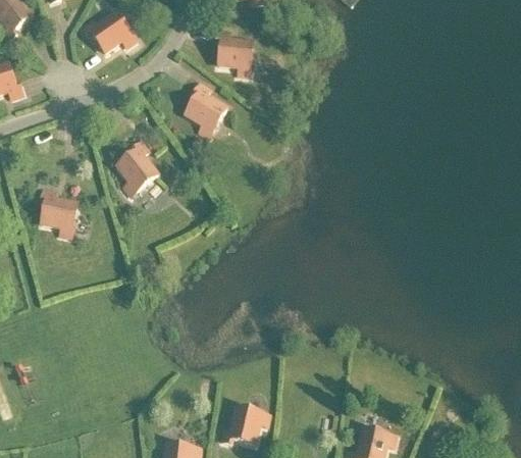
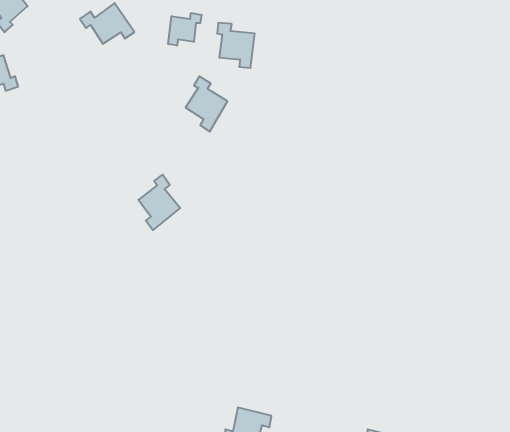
building: none -> [168,13,201,46]
building: [117,140,158,194] -> [138,175,180,230]
building: [41,188,77,235] -> none

